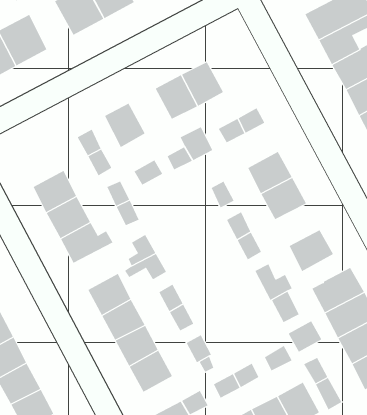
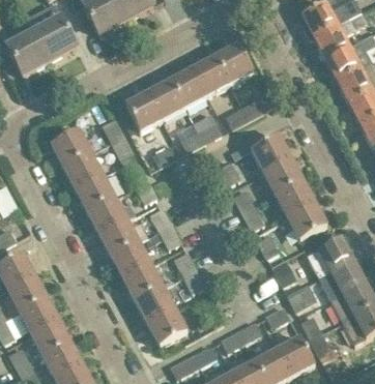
building: none -> [215,42,253,82]
building: none -> [147,79,184,118]
building: none -> [51,128,90,165]
building: none -> [275,179,314,216]
building: none -> [98,213,140,255]

